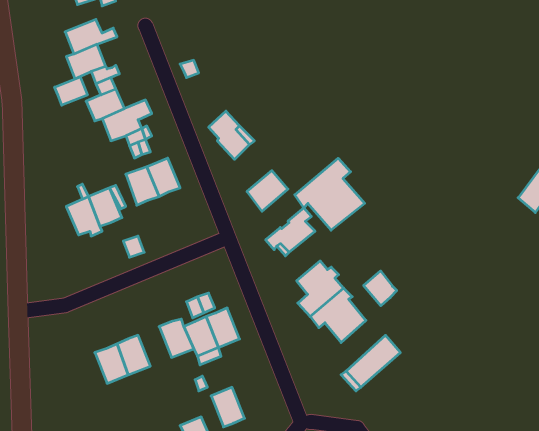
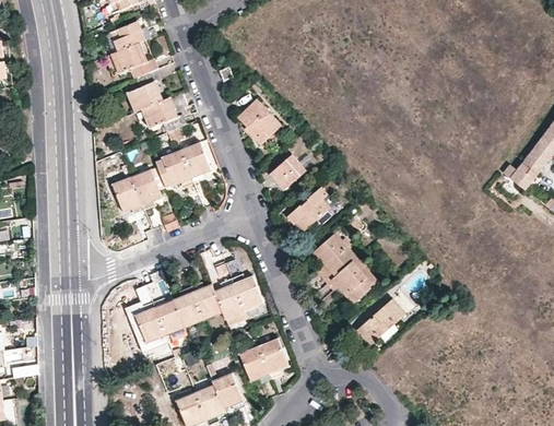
building: [55,77,87,105] -> none
building: [295,158,365,230] -> none
building: [364,271,397,306] -> none
building: none -> [174,292,203,327]
building: none -> [257,338,287,372]

